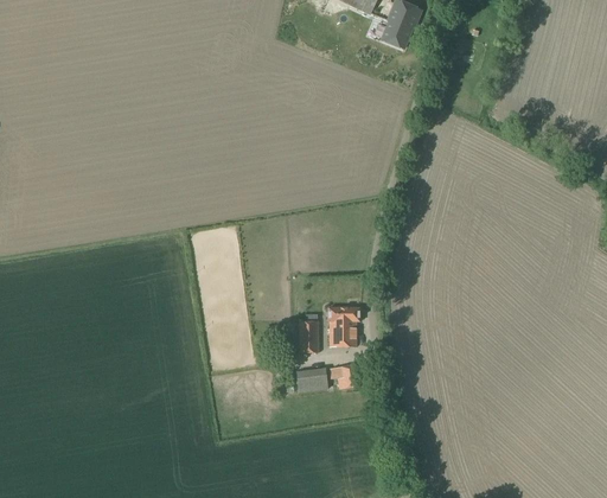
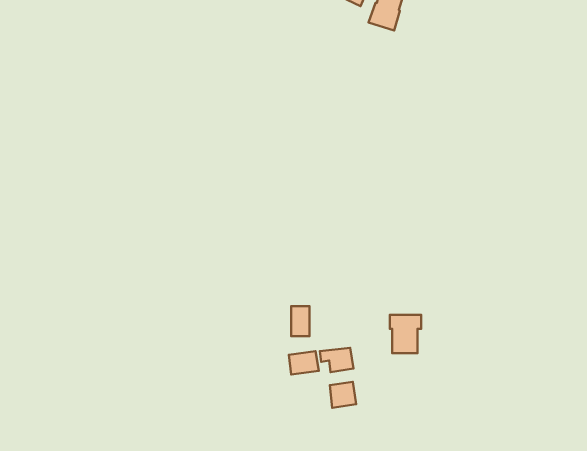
building: [330,307,362,346] -> [390,315,421,353]
building: none -> [330,382,356,408]

